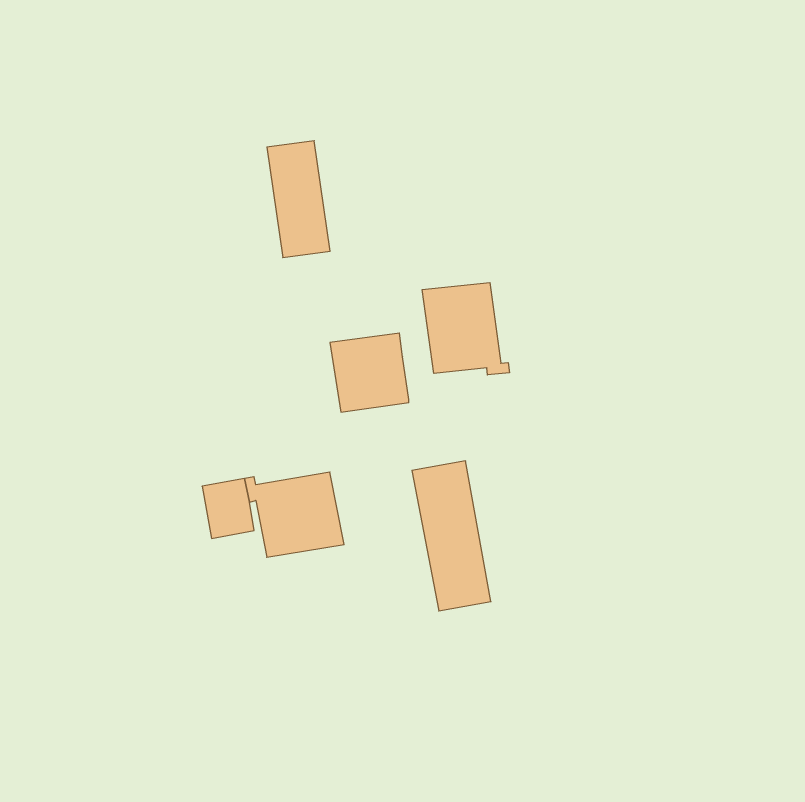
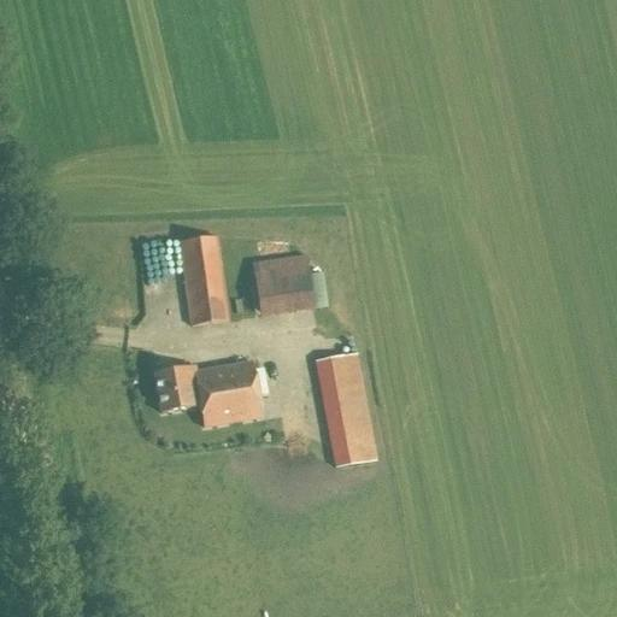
building: [267,141,330,258] -> [181,235,229,324]
building: [422,283,509,375] -> none

